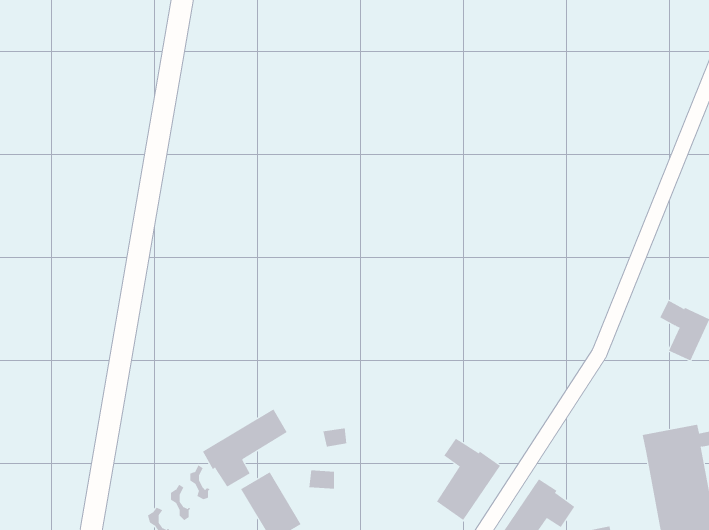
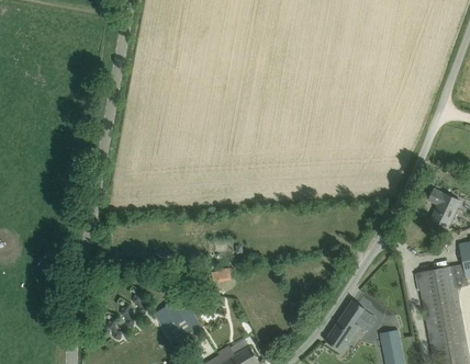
building: [202,408,287,487] -> none
building: [436,438,501,521] -> none

